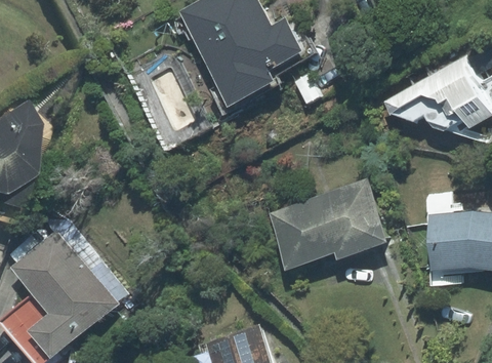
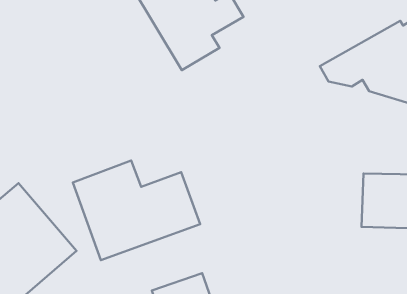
building: [269,182,387,273] -> none
building: none -> [73,161,200,260]

